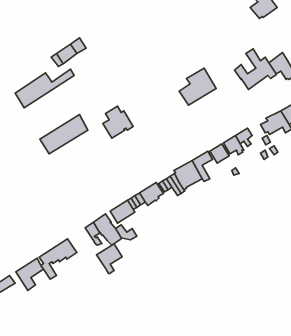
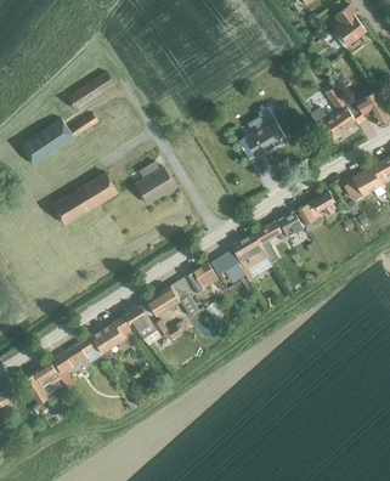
building: [96,244,122,273] -> [91,322,125,361]

